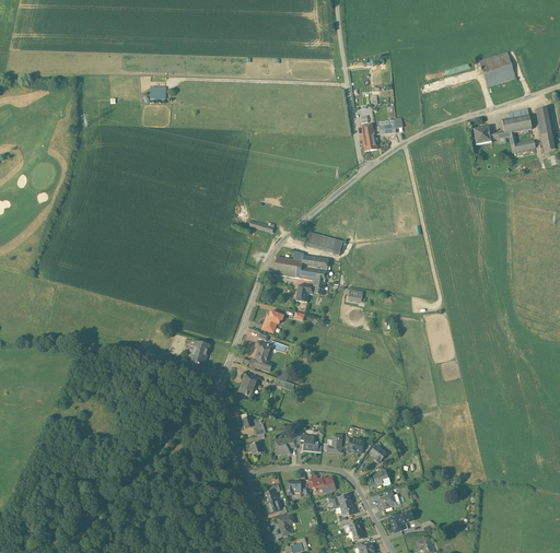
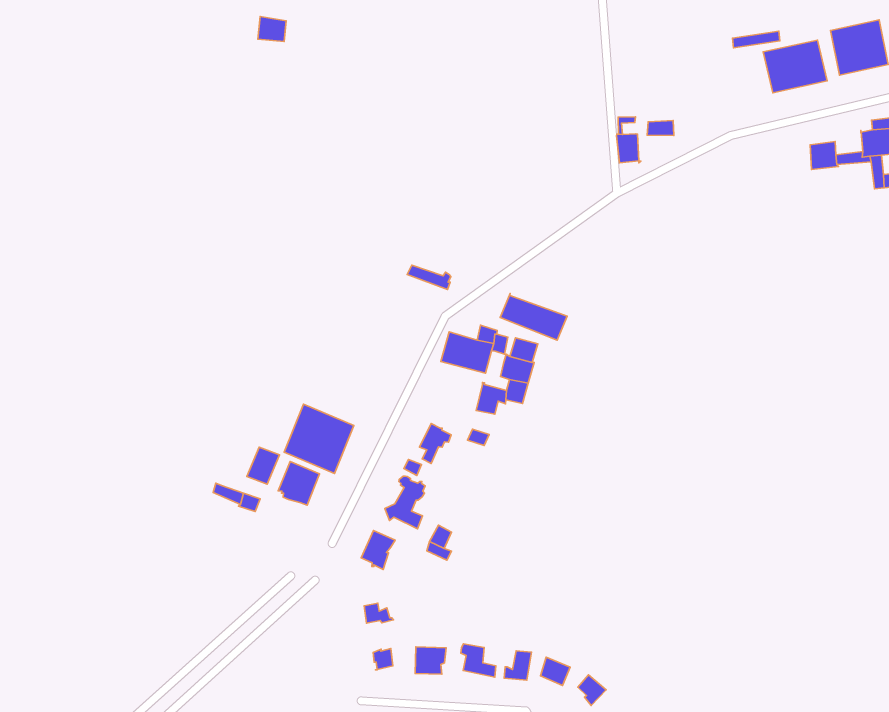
building: none -> [763,40,827,93]
building: none -> [284,404,354,473]

